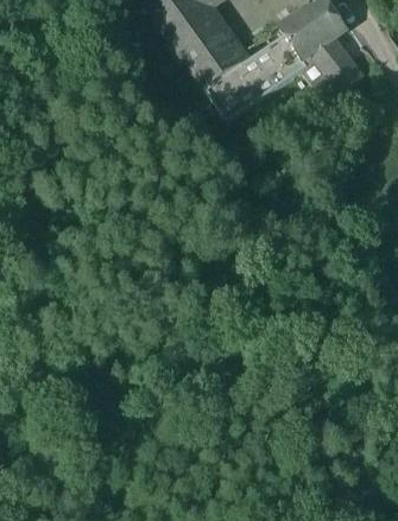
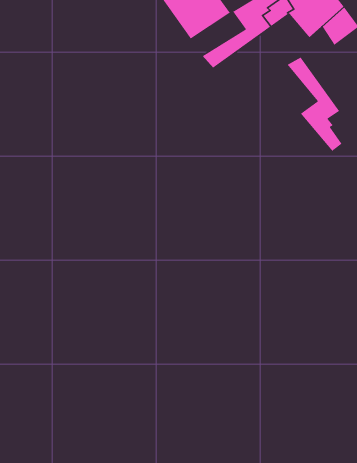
building: [206,59,257,101] -> none
building: none -> [287,56,343,152]

